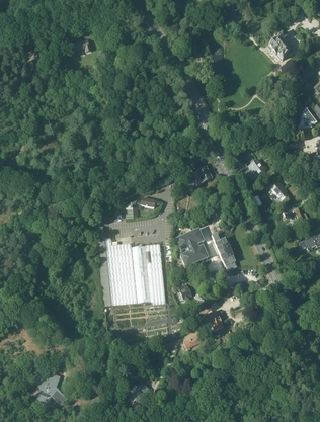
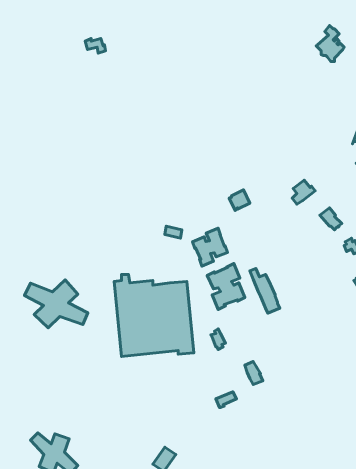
building: none -> [192,228,227,266]
building: none -> [24,280,88,328]

